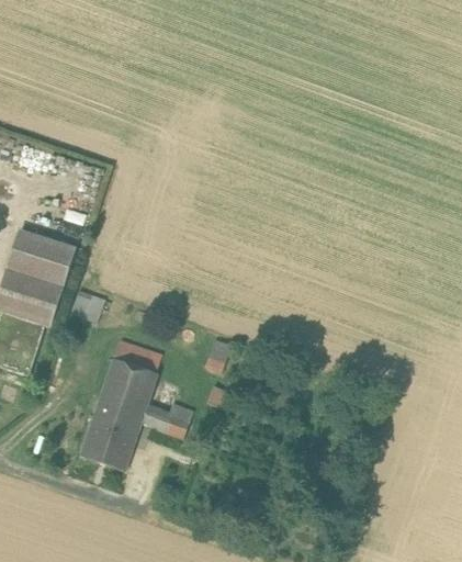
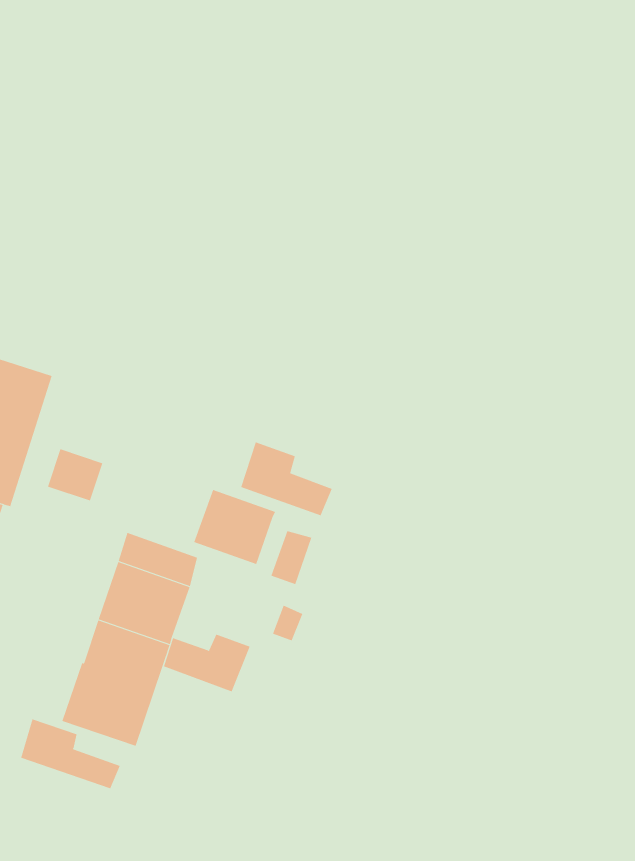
building: none -> [241,441,333,516]
building: none -> [193,489,276,565]
building: none -> [20,719,121,789]

